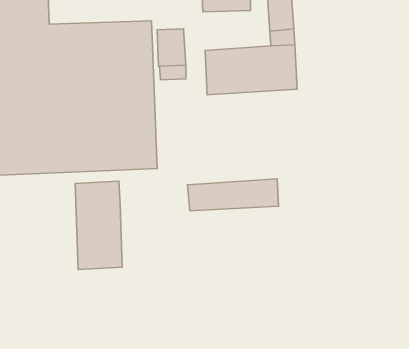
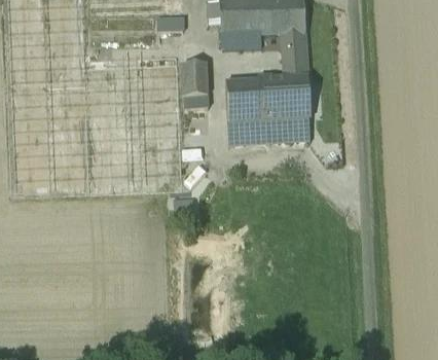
building: [187,179,278,211] -> [228,116,311,145]
building: [75,181,122,269] -> none

